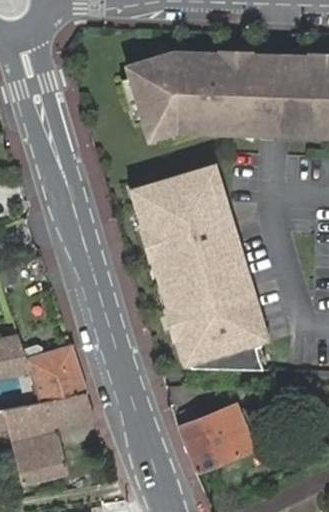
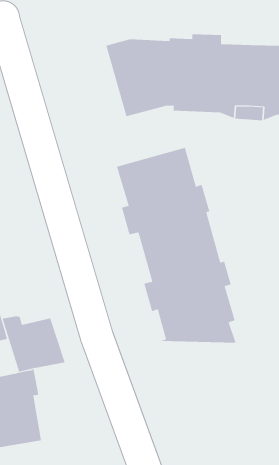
building: [54,391,94,424] -> none
building: [177,405,251,473] -> none

